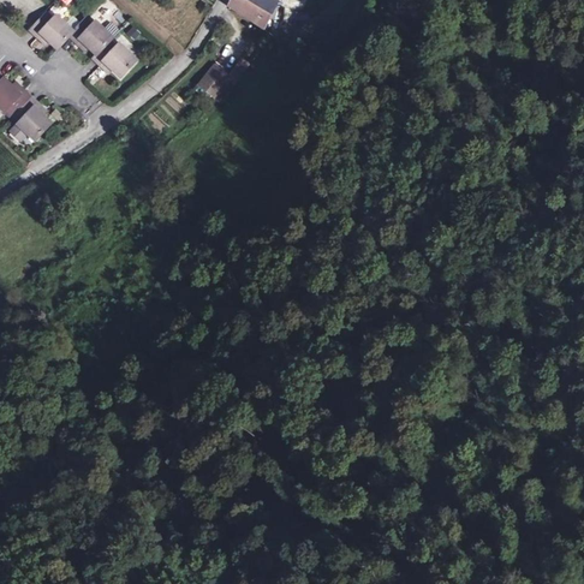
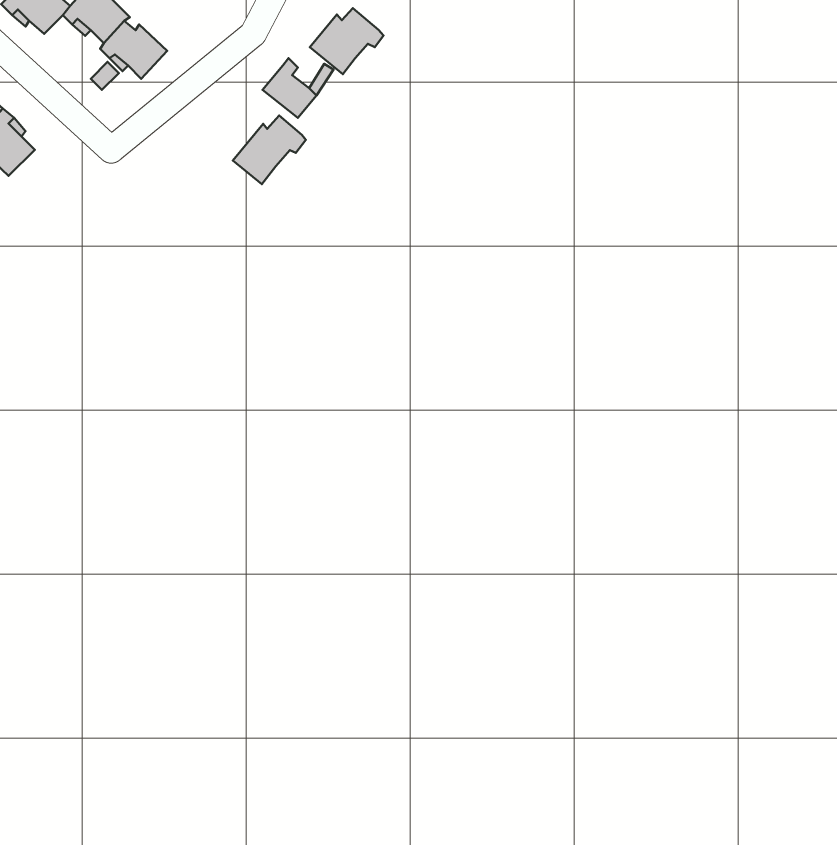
building: none -> [310,8,384,74]
building: none -> [233,116,306,184]

